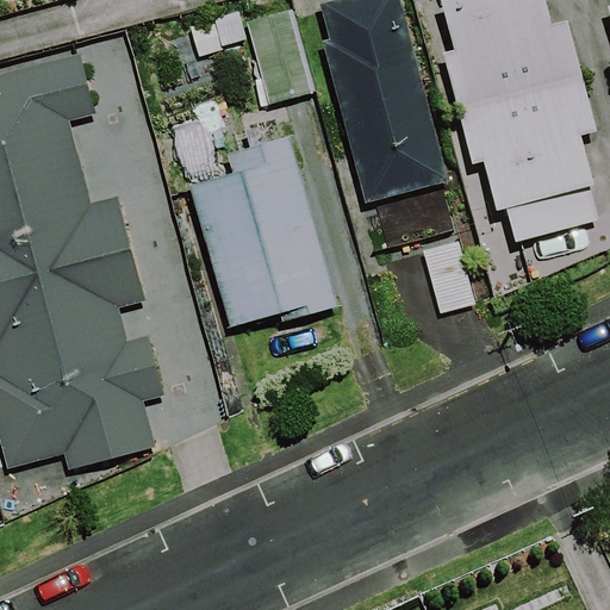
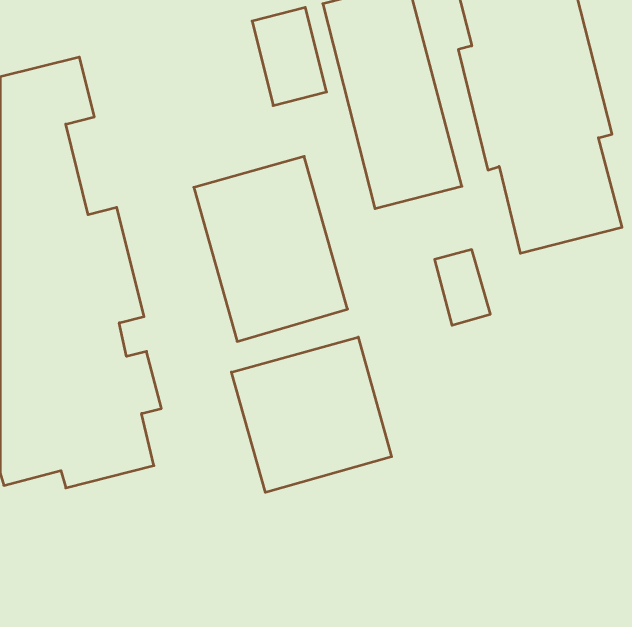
building: none -> [231,337,392,492]

